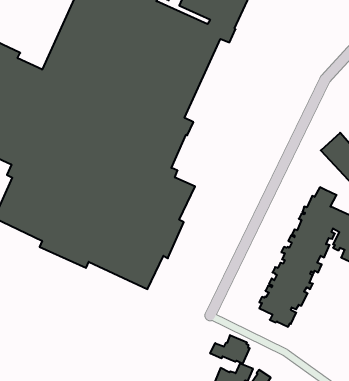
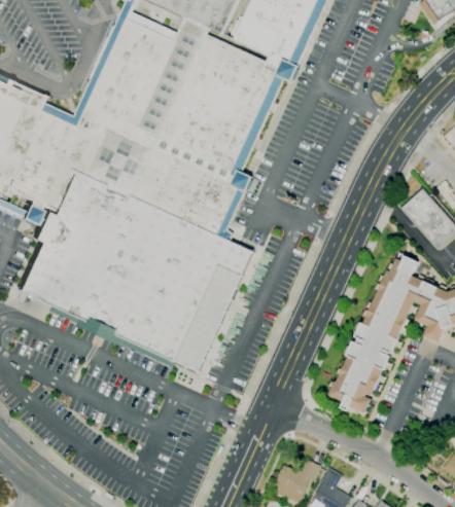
building: [210,335,250,364] -> none

